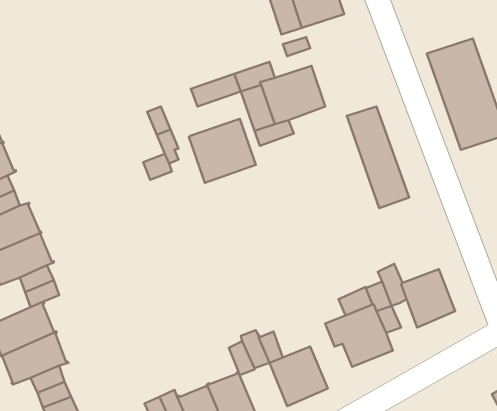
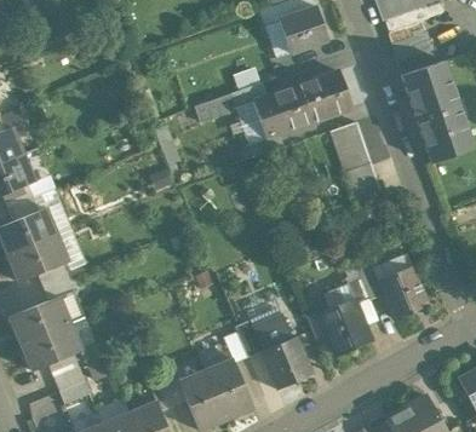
building: none -> [298,70,351,121]
building: [189,119,256,183] -> none
building: none -> [250,309,297,345]

